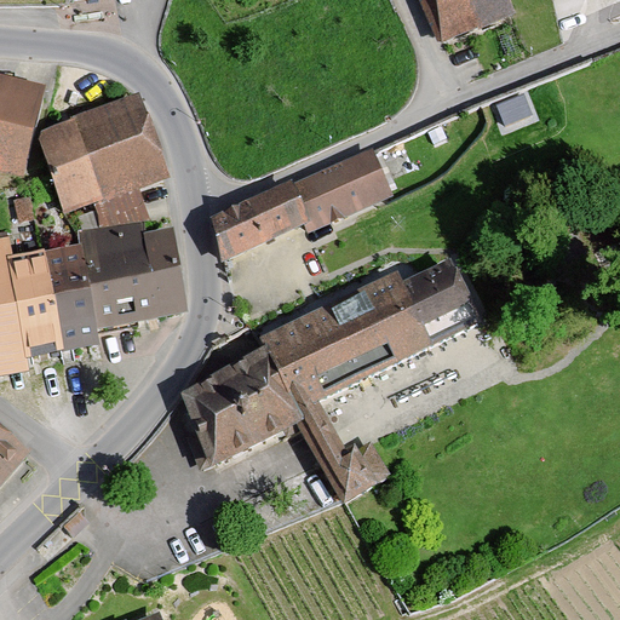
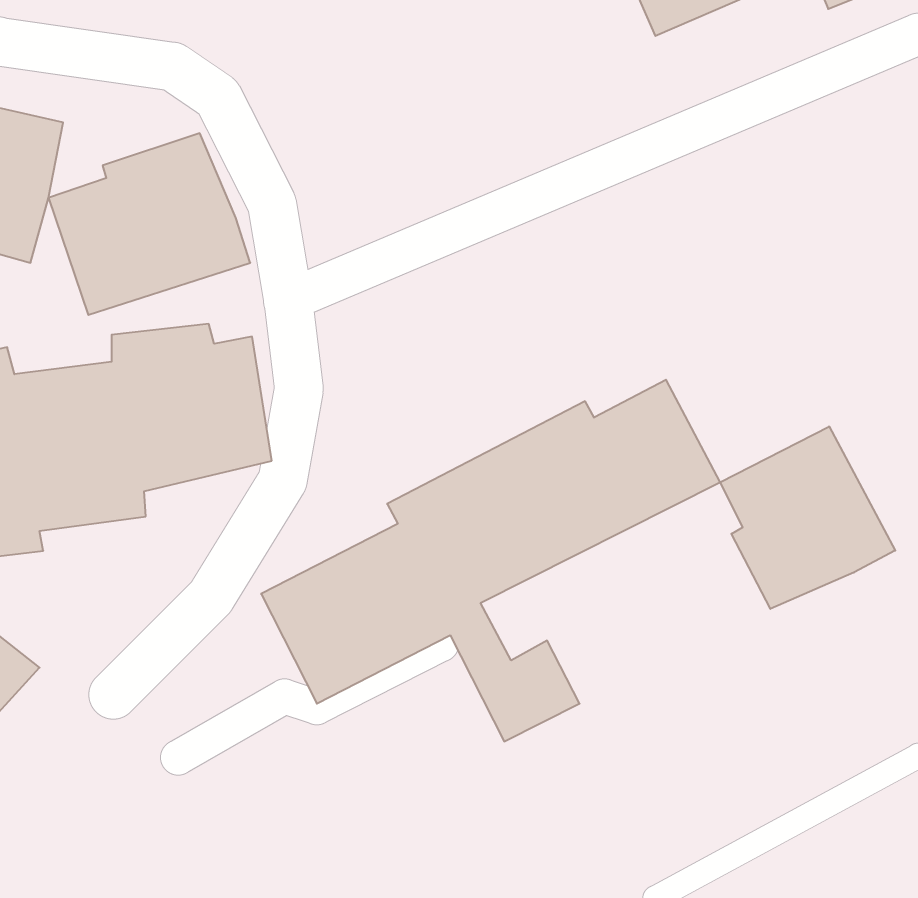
building: [206,145,391,259] -> none
building: none -> [720,426,895,609]

